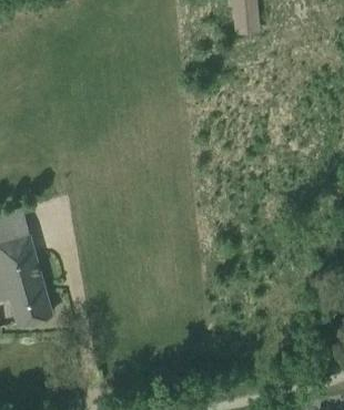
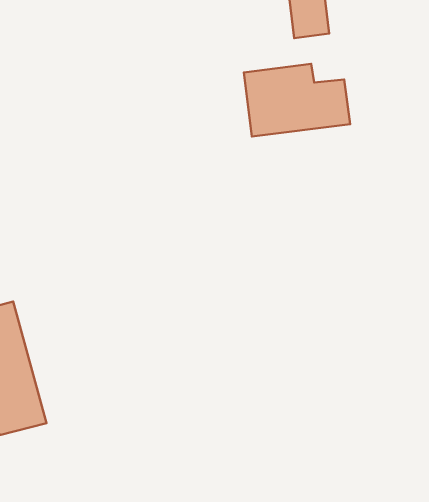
building: none -> [244,64,350,137]

